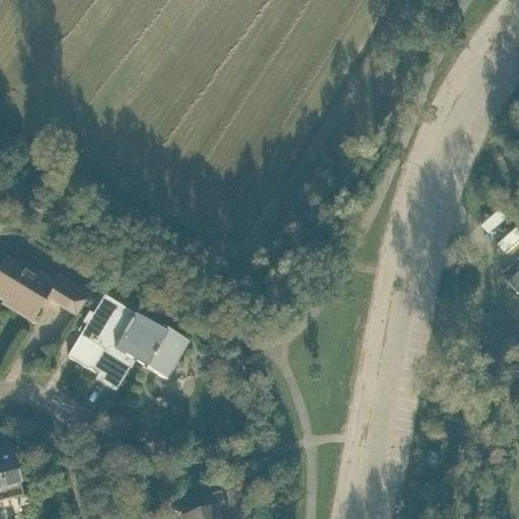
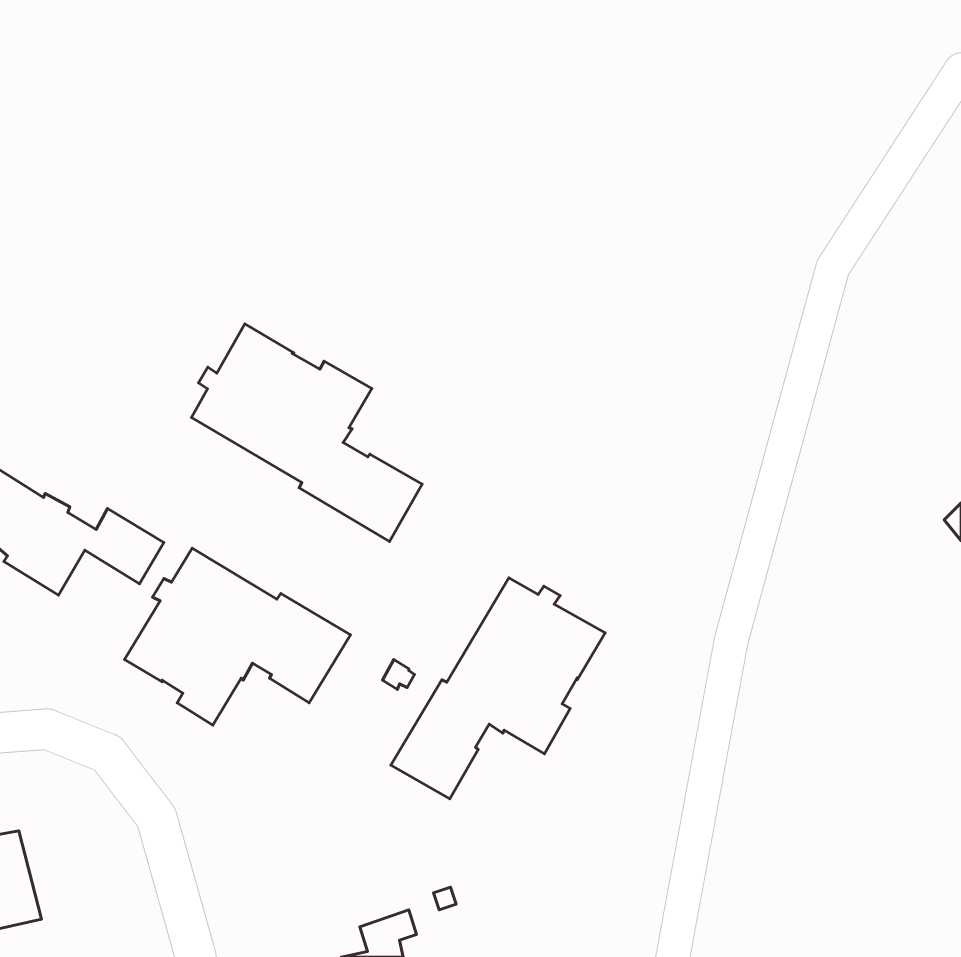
building: none -> [191,324,422,541]
building: none -> [391,578,605,799]

